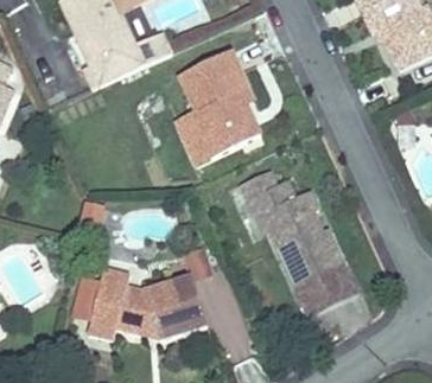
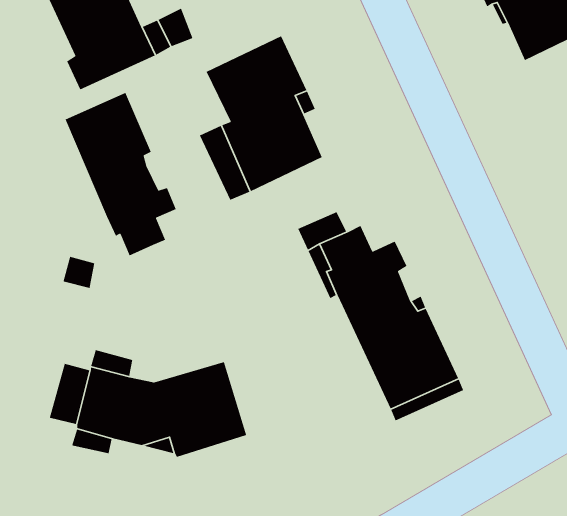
building: none -> [64,92,177,257]

